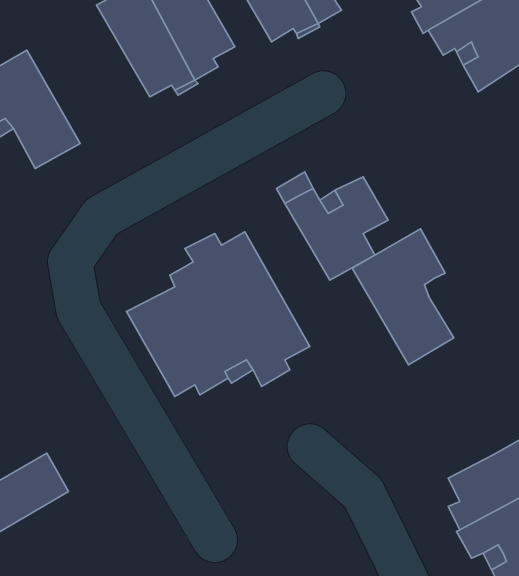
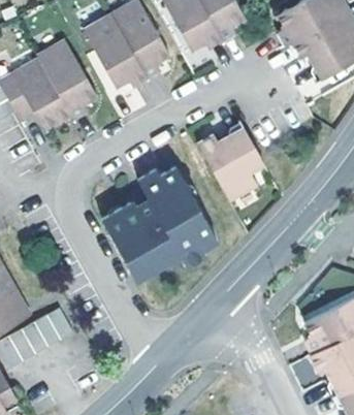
building: none -> [41,39,102,118]
building: [352,229,454,365] -> none

